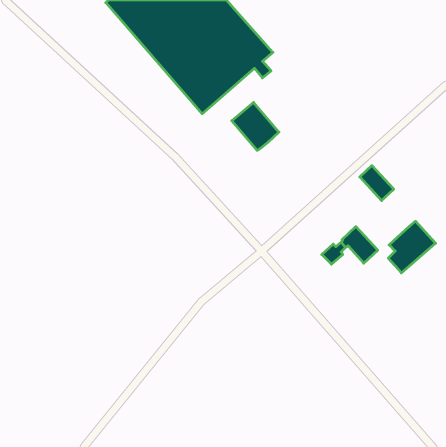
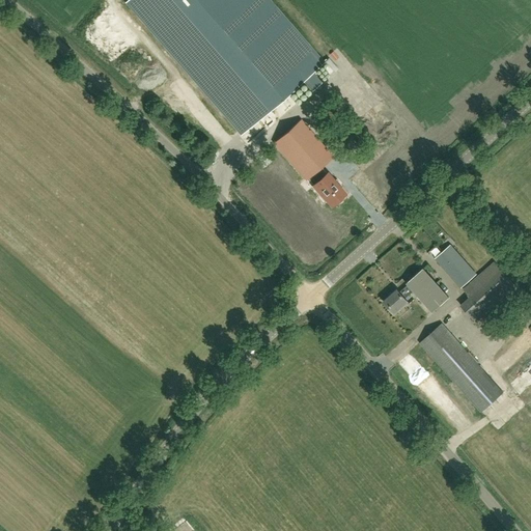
building: none -> [311,172,345,206]
building: [360,166,394,201] -> [435,246,475,287]
building: none -> [419,324,502,412]

